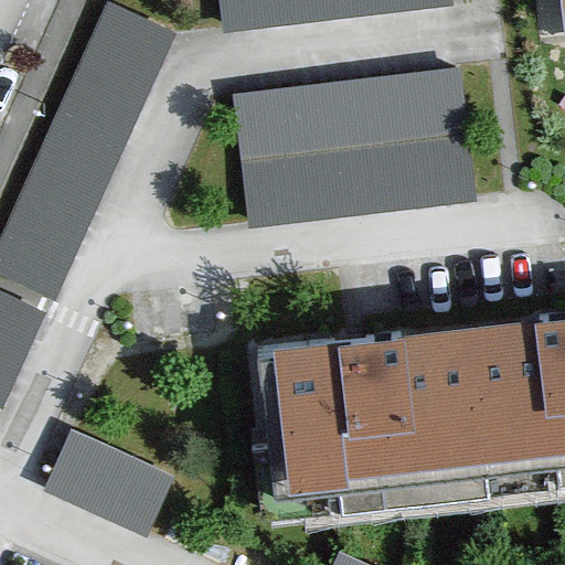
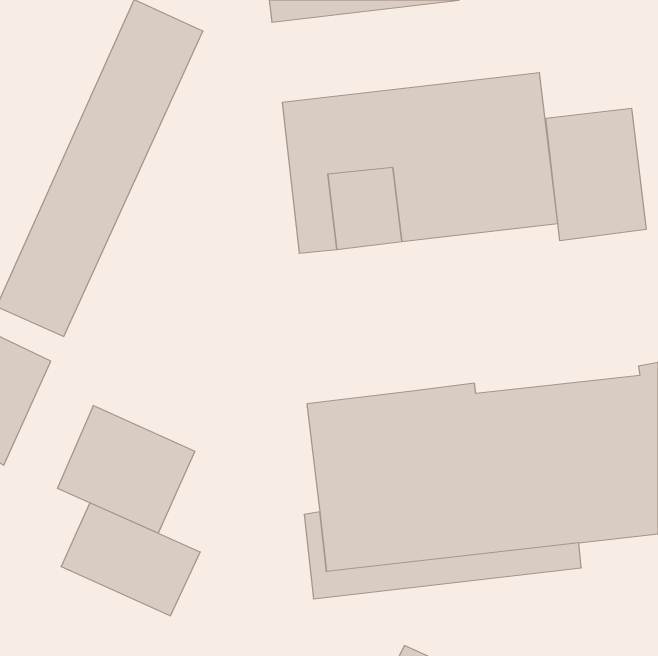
building: none -> [546,108,646,241]
building: none -> [57,405,195,533]

